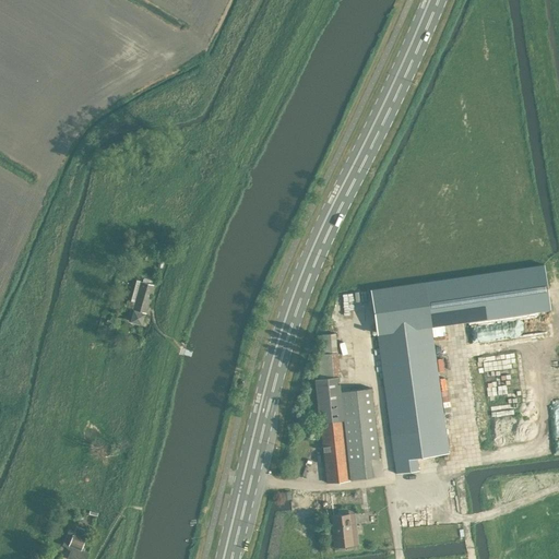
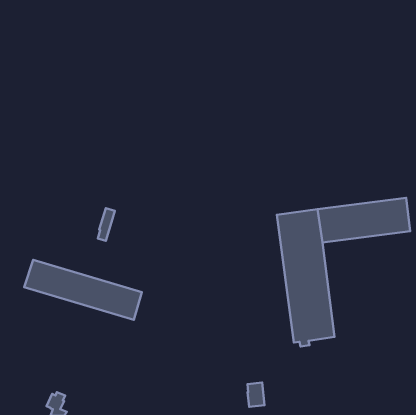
building: [316,333,379,483] -> none
building: none -> [24,260,142,320]

